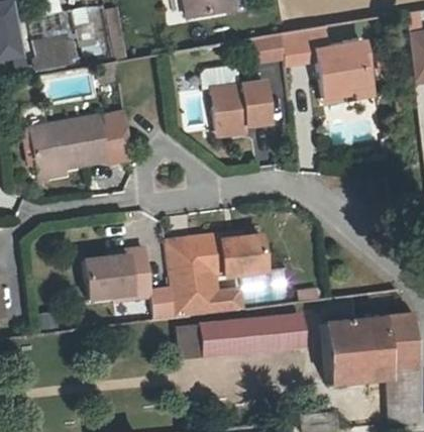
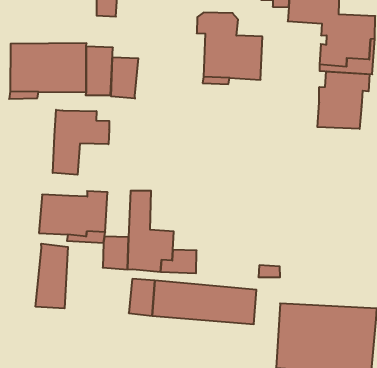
building: none -> [317,71,370,129]
building: none -> [111,57,138,99]
building: none -> [53,110,109,175]
building: [184,235,261,276] -> none
building: none -> [36,244,68,308]

